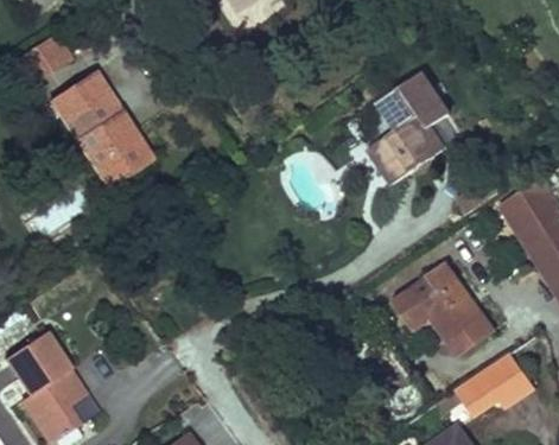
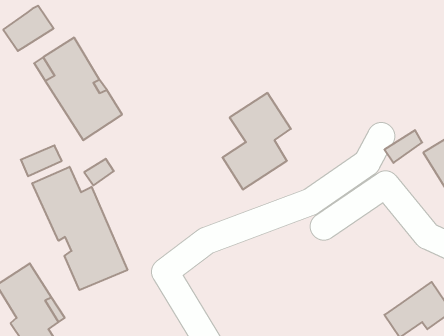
building: [370,71,450,183] -> [222,93,291,189]
building: none -> [32,167,127,290]
building: [393,262,494,354] -> none

